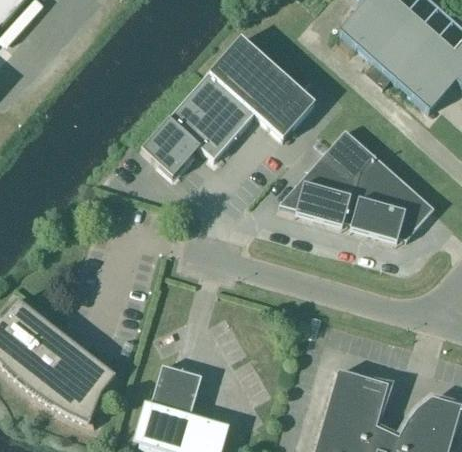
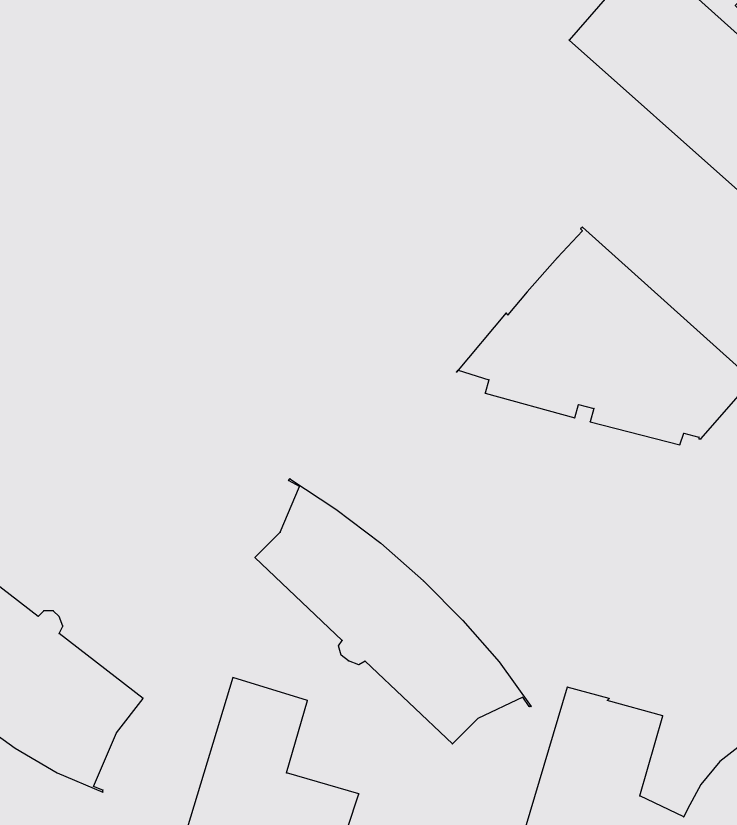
building: [141,37,316,177] -> none
building: none -> [255,479,531,744]

